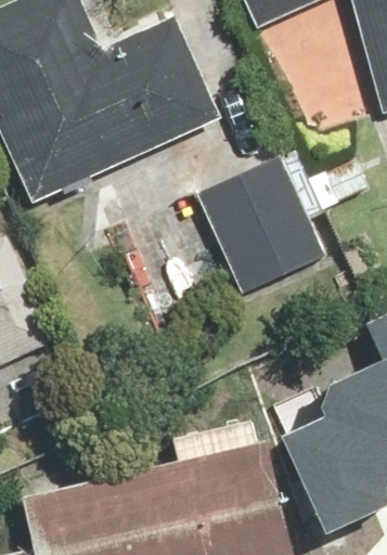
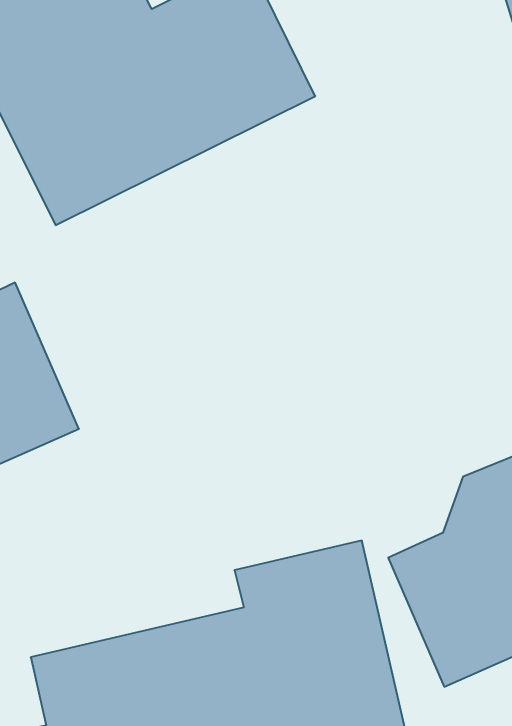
building: [193,149,326,297] -> none

